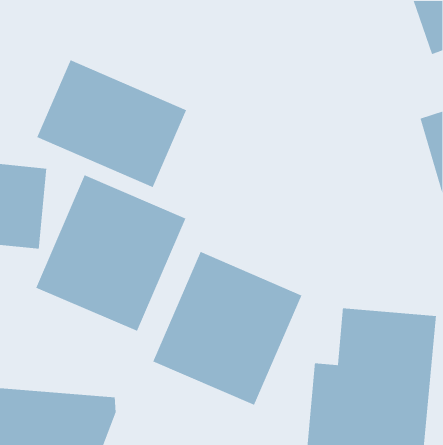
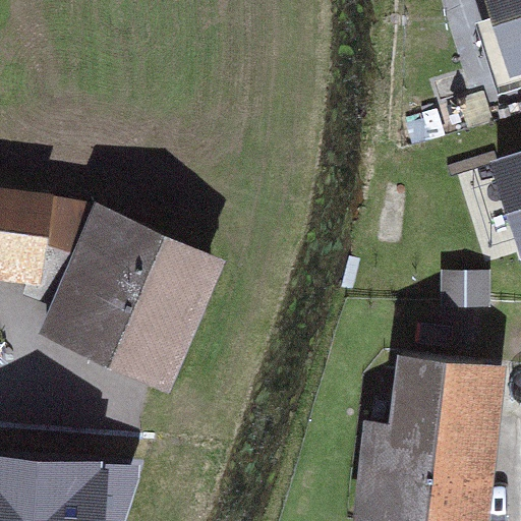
building: [36,59,187,188] -> none
building: [152,251,302,406] -> none

